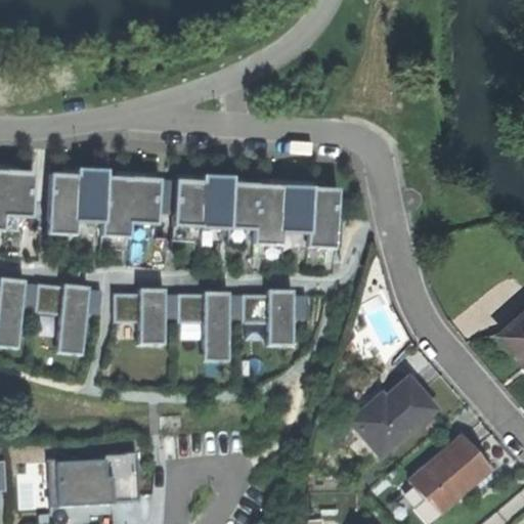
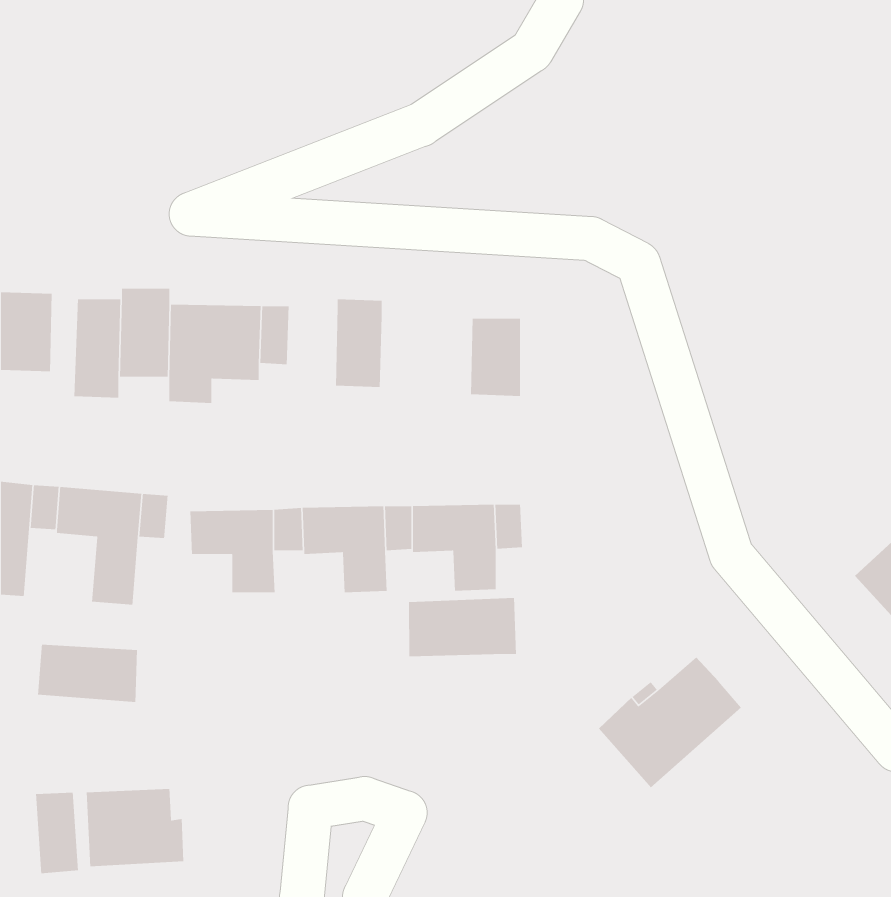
building: [171,178,200,225] -> none
building: [225,184,278,244] -> none
building: [306,185,336,247] -> none
building: none -> [408,597,517,657]
building: none -> [37,644,138,703]
building: [412,440,491,515] -> none
building: [102,454,137,503] -> none

